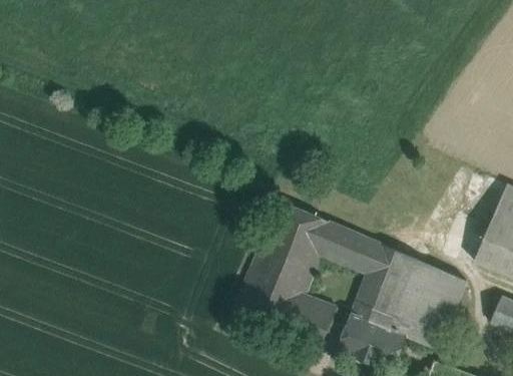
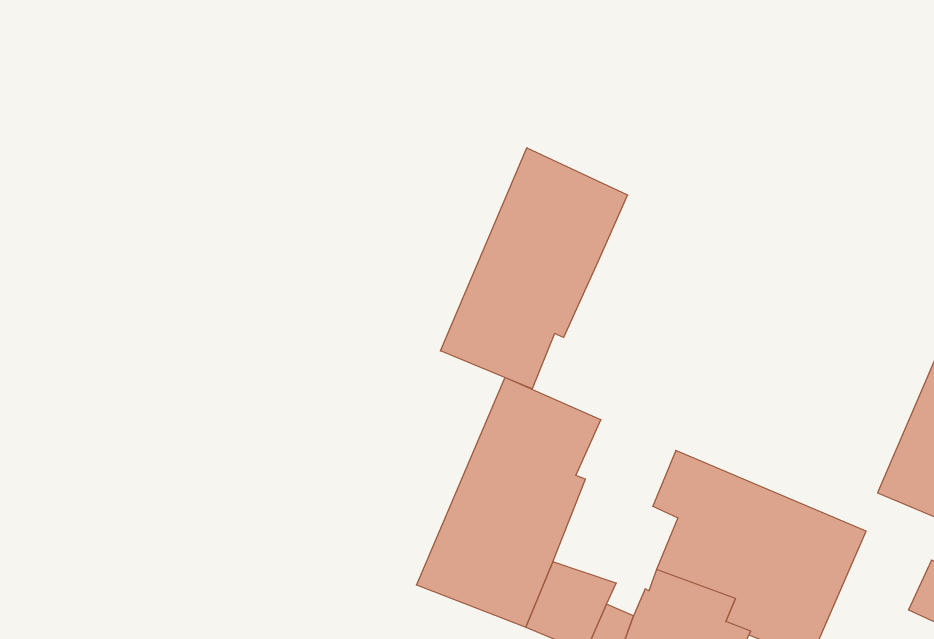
building: none -> [440,148,627,389]
building: [317,222,369,267] -> none

